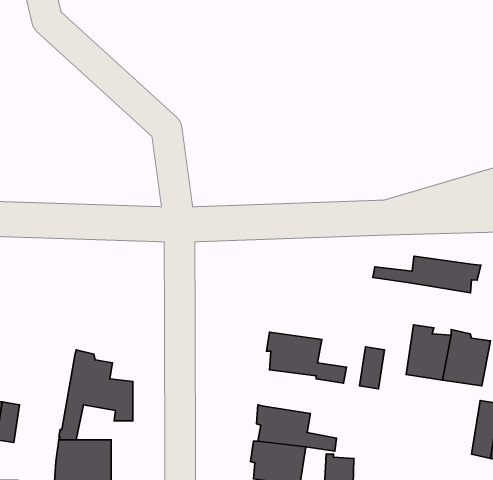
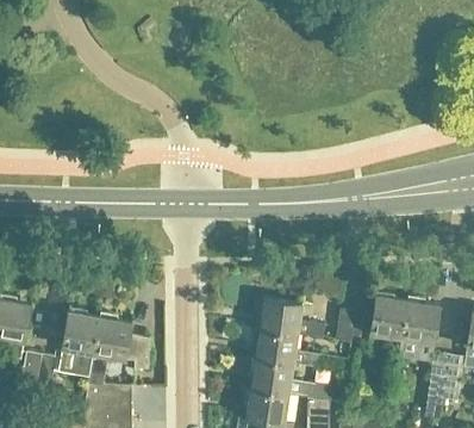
building: [373,256,481,293] -> none
building: none -> [63,306,101,377]
building: none -> [254,327,319,368]

